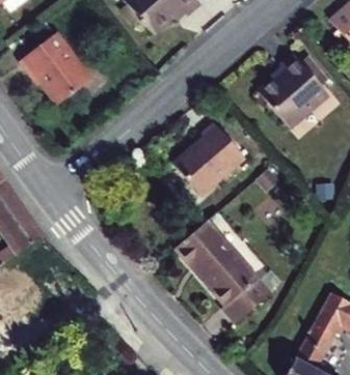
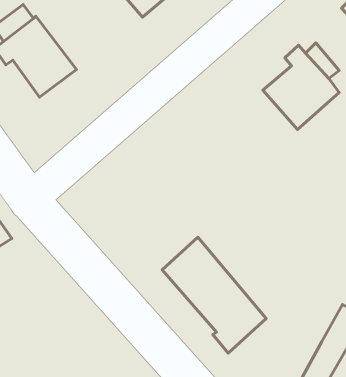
building: [171,128,243,203] -> none

